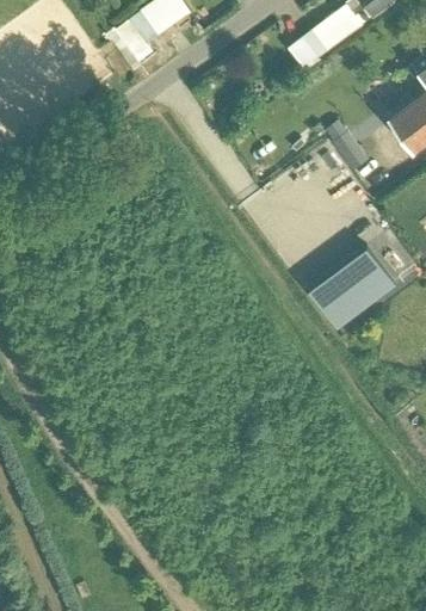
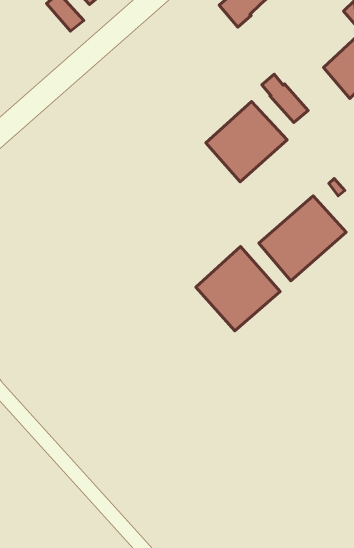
building: none -> [206,102,287,182]
building: none -> [196,247,280,331]

